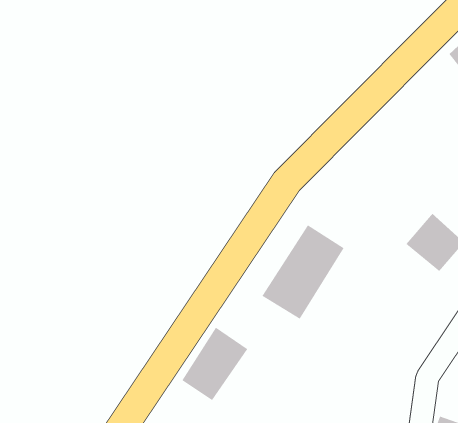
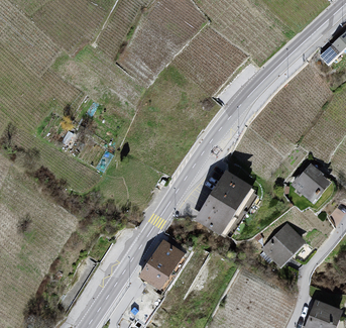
building: none -> [262,223,306,267]

